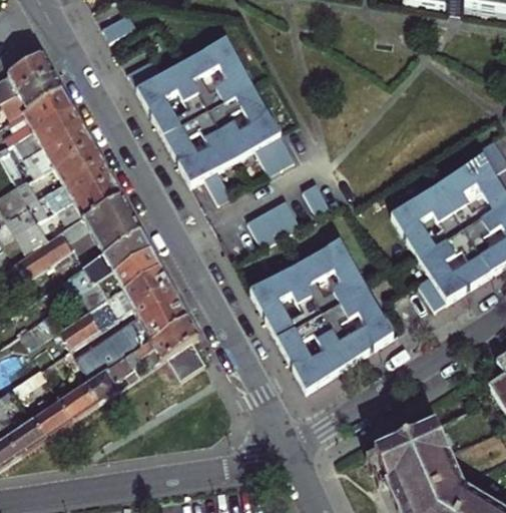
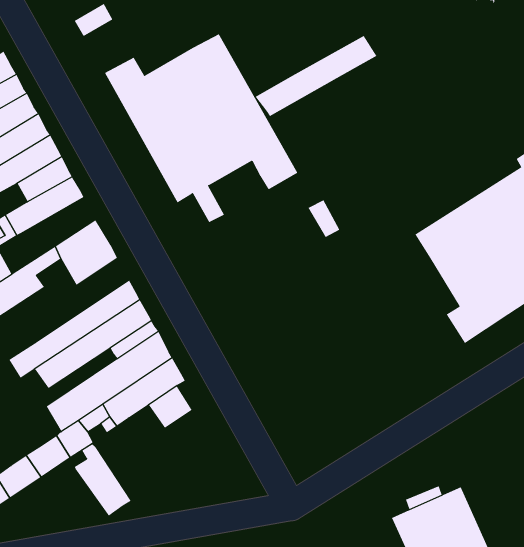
building: none -> [255,35,377,117]
building: [56,178,120,231] -> none
building: [247,196,301,244] -> none
building: [57,230,149,304] -> none
building: [249,231,397,390] -> none
building: none -> [74,443,131,517]

